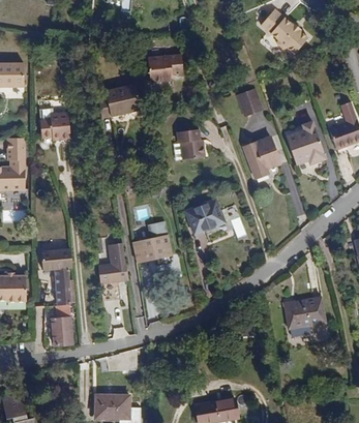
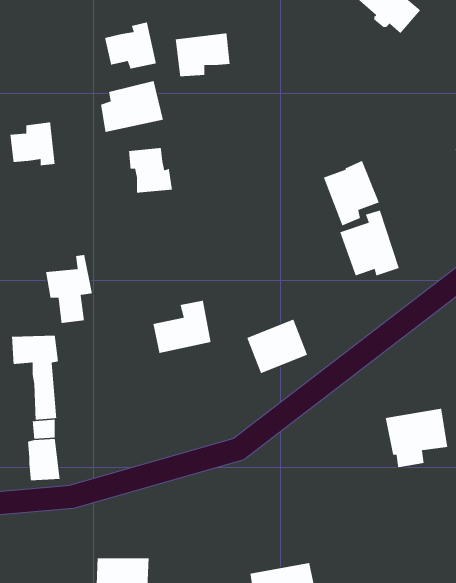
building: none -> [104,22,157,69]
building: [236,88,262,116] -> none
building: [286,121,325,164] -> [339,210,400,276]
building: [176,128,205,158] -> [128,147,173,193]
building: [184,199,225,235] -> [246,319,308,374]
building: [97,253,128,299] -> [45,254,93,324]

